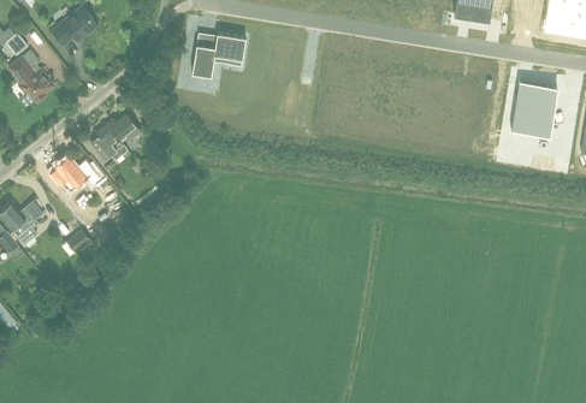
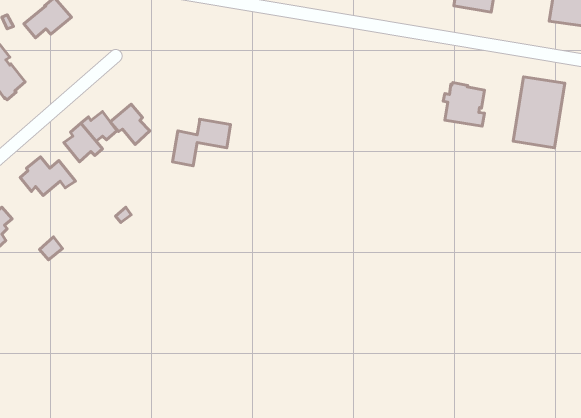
building: [191,32,245,76] -> [173,119,231,166]
building: none -> [443,83,485,126]
building: none -> [110,104,150,145]

